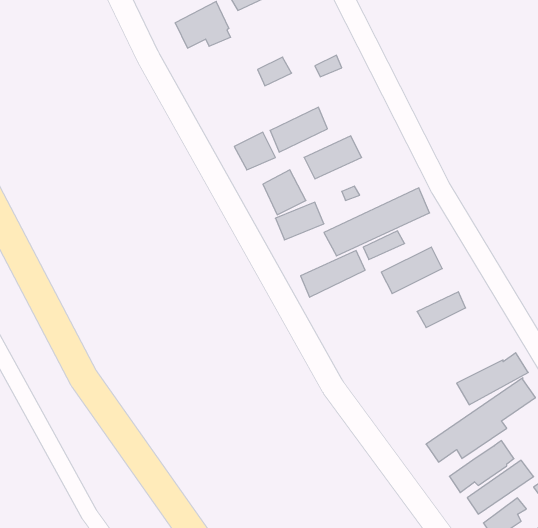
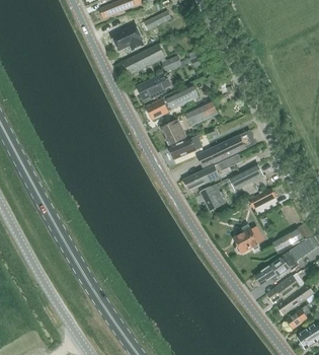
building: none -> [124,44,165,74]
building: none -> [137,74,171,99]
building: none -> [201,184,226,210]
building: none -> [234,224,260,253]

